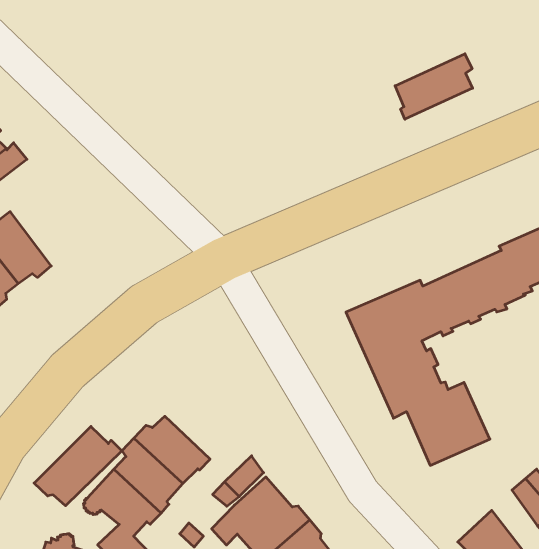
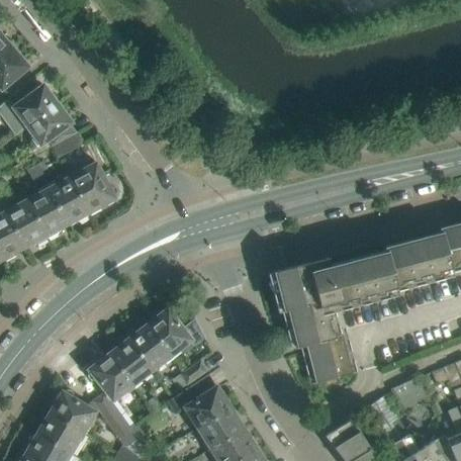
building: [395,54,473,119] -> none
building: none -> [68,161,116,216]
building: none -> [148,309,203,358]
building: [34,426,122,506] -> none

